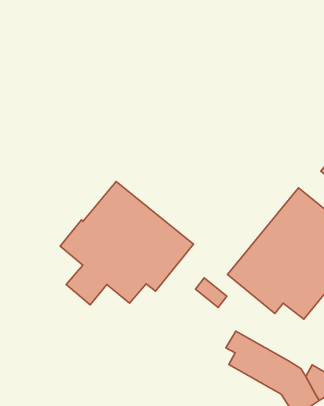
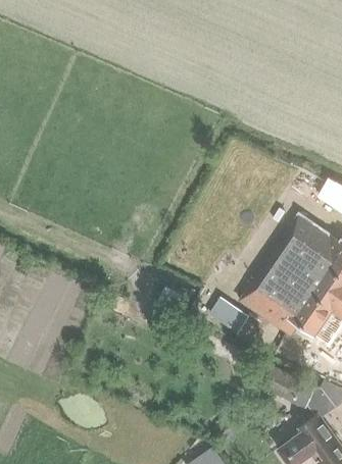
building: [60,181,193,305] -> none

